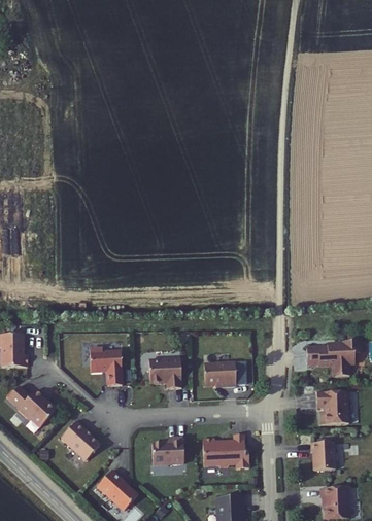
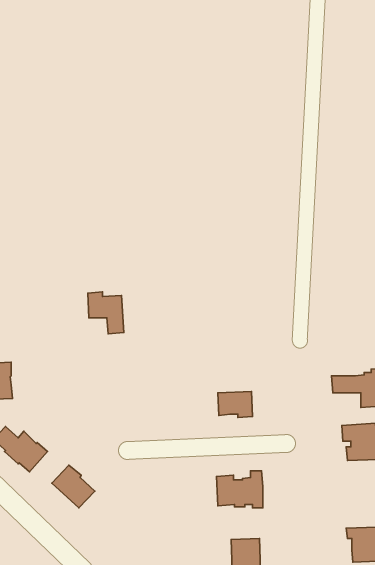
building: [91,346,124,384] -> [88,292,124,334]
building: [150,362,182,387] -> none
building: [153,436,184,463] -> none
building: [313,440,338,467] -> none
building: [97,470,138,510] -> none

